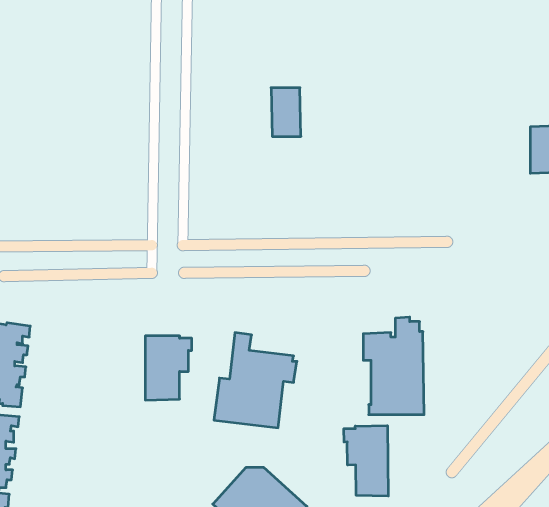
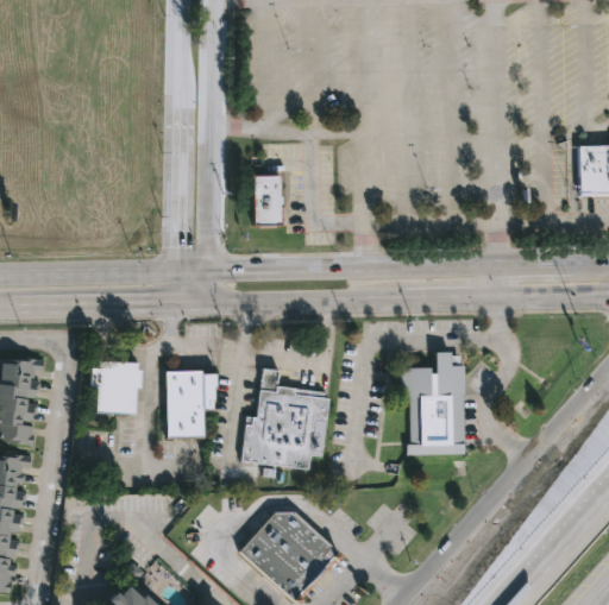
building: [271,88,301,136] -> [251,175,283,227]
building: none -> [89,360,142,414]
building: [344,426,388,496] -> none

